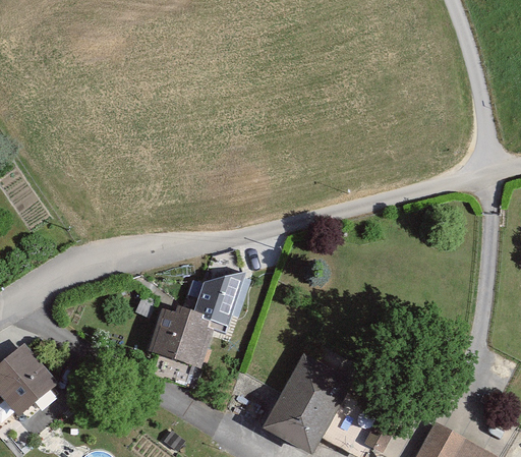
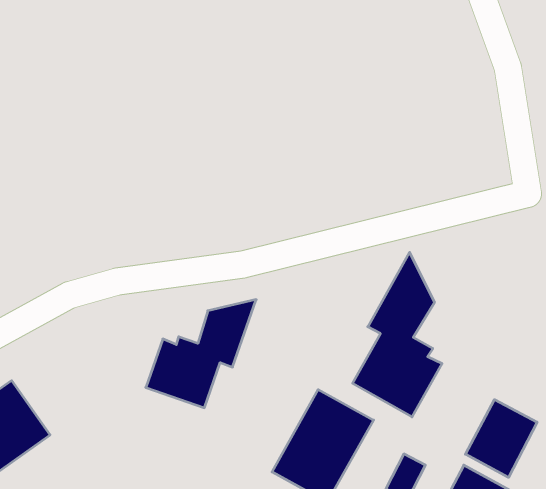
building: none -> [353,252,442,417]
building: none -> [465,400,537,477]

